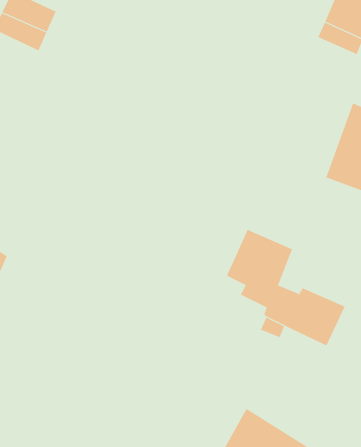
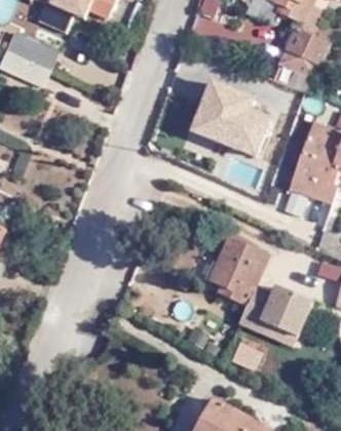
building: none -> [191,69,273,150]

